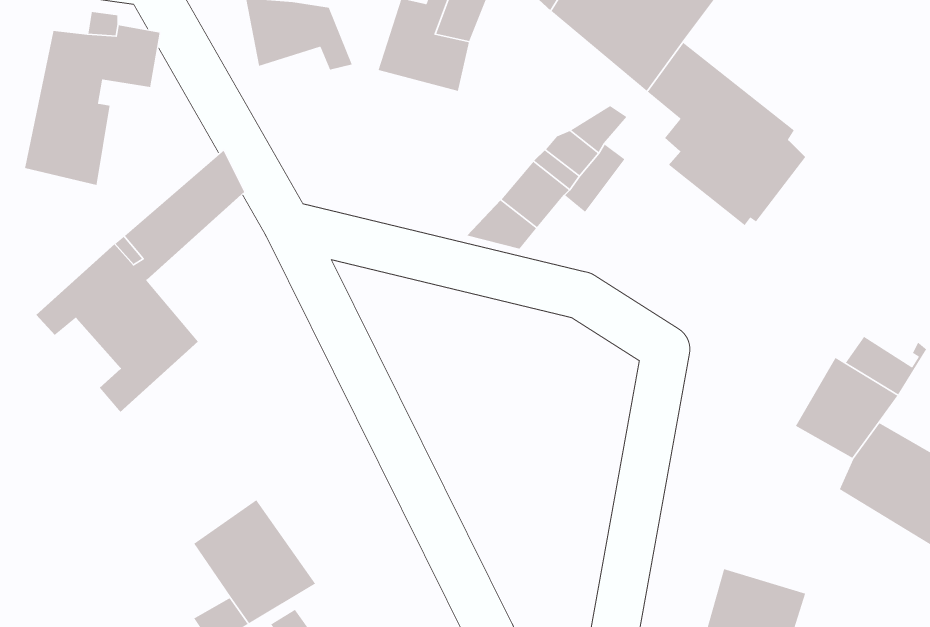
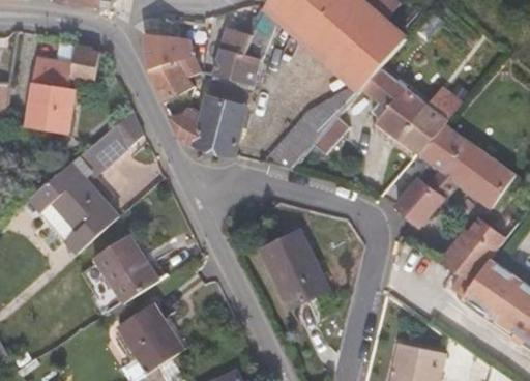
building: none -> [150,61,194,100]
building: none -> [170,80,255,155]
building: none -> [394,120,507,226]
building: none -> [260,235,327,311]
building: none -> [91,236,158,305]

